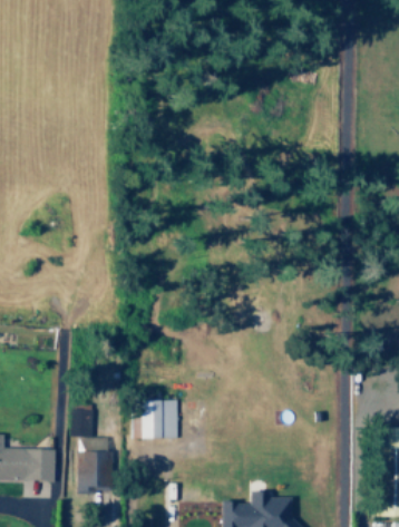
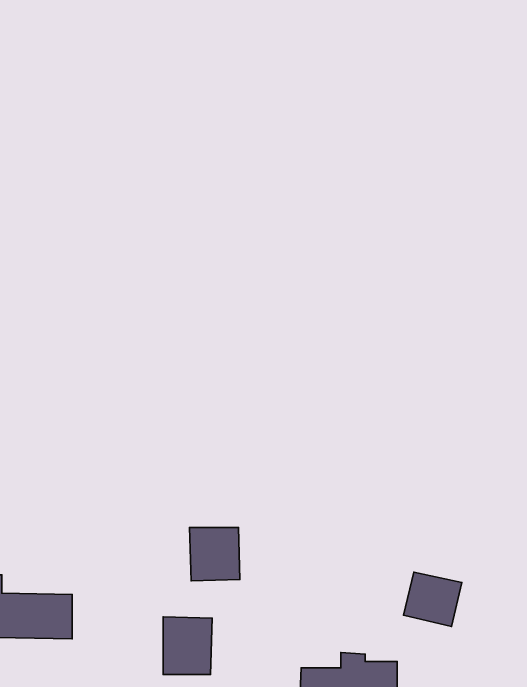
building: none -> [404,572,462,627]
building: [77,450,113,492] -> [163,617,212,675]

